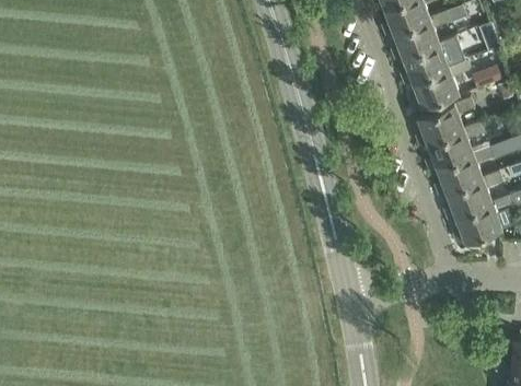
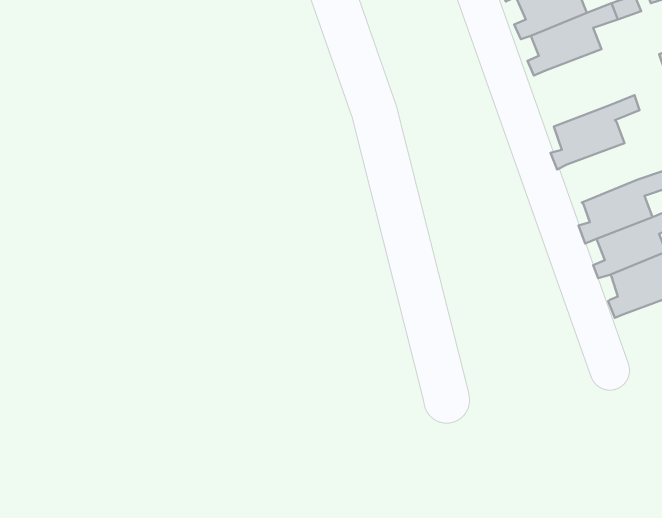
building: [410,62,470,112] -> none
building: [426,125,485,173] -> none

